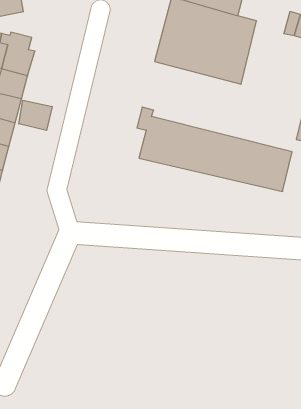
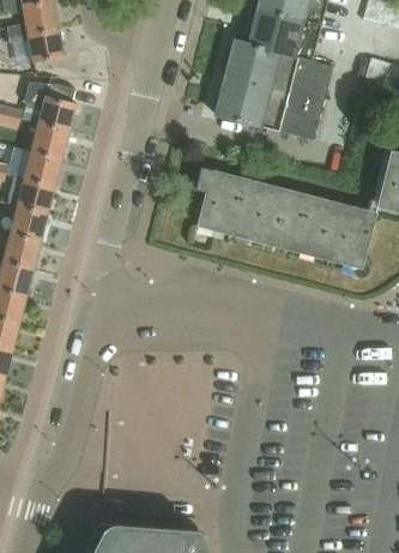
building: [19,100,52,130] -> none

